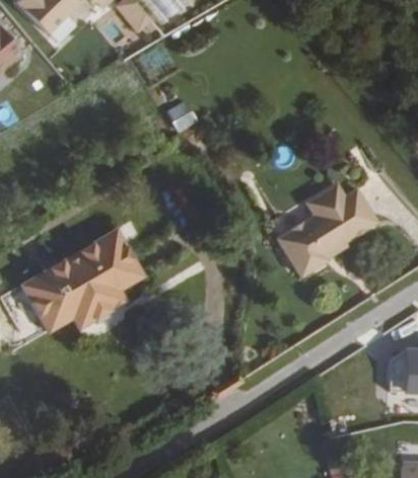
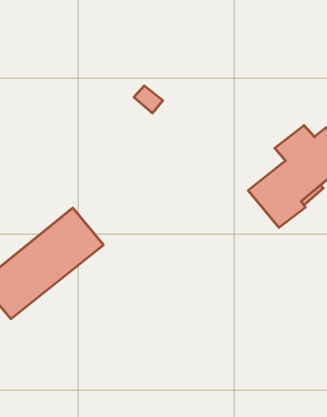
building: [42,266,145,330] -> none

